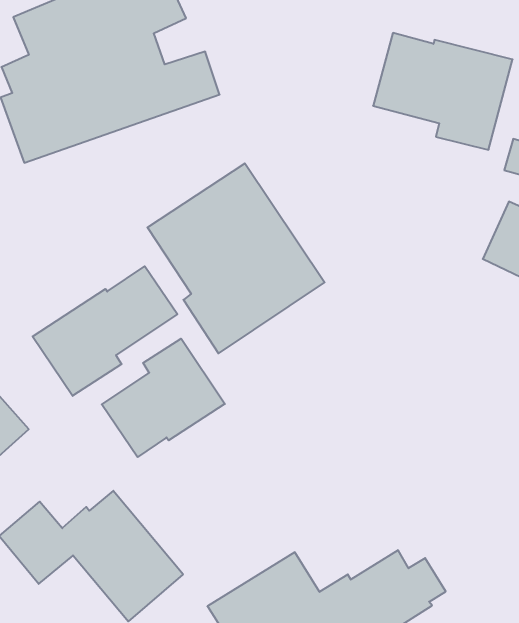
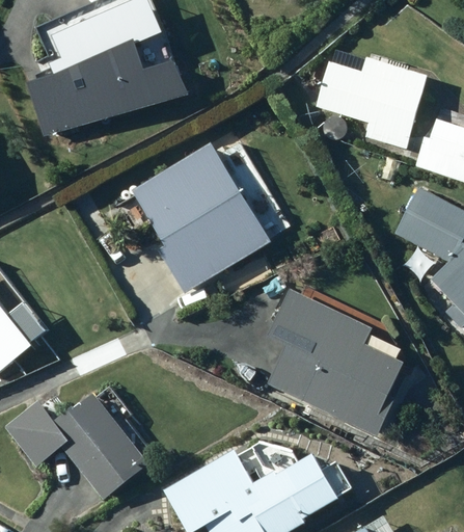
building: [33,266,177,396] -> none
building: [102,339,225,457] -> none
building: none -> [267,291,406,434]

